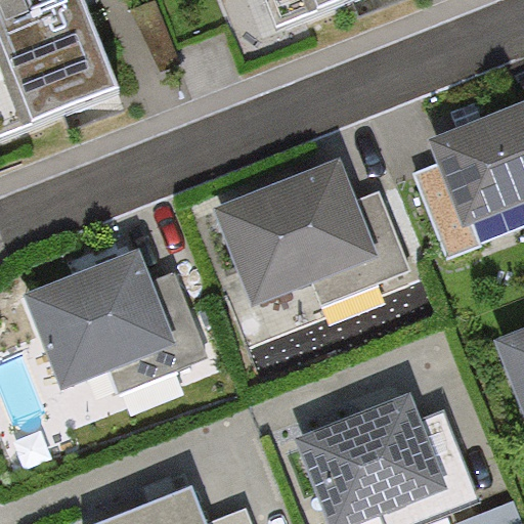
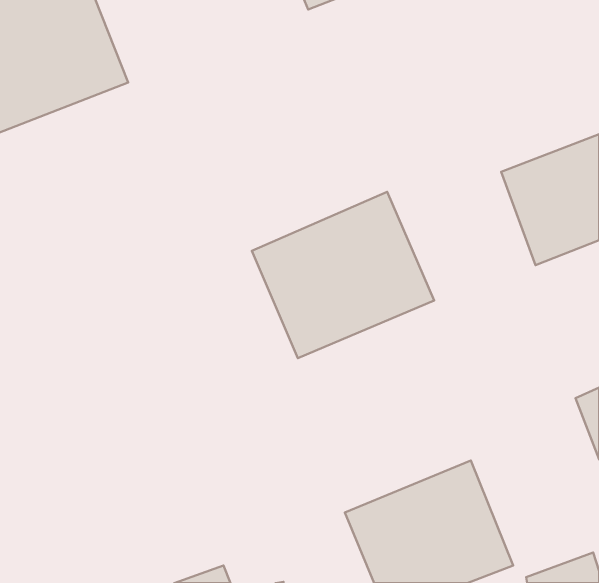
building: [26,252,176,393] -> none

